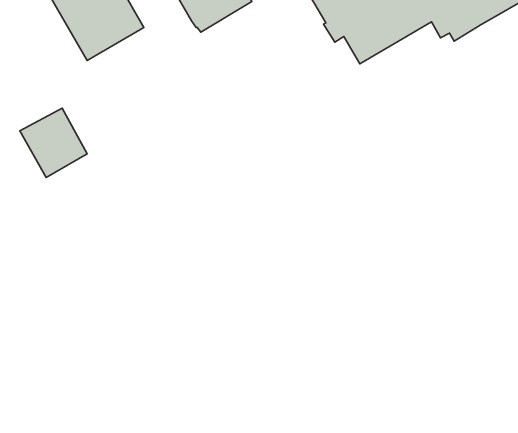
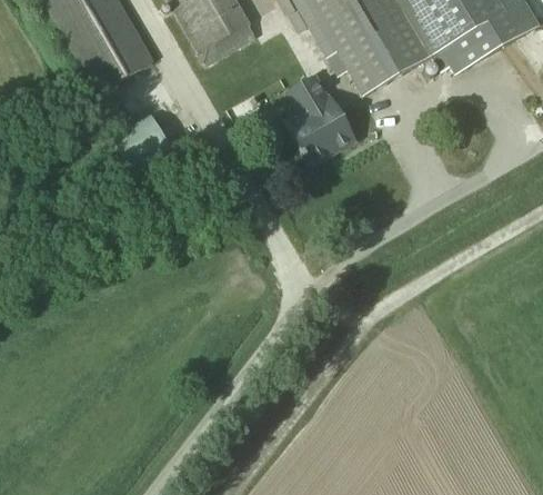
building: none -> [284,73,355,164]
building: [20,108,87,178] -> [111,113,177,181]

